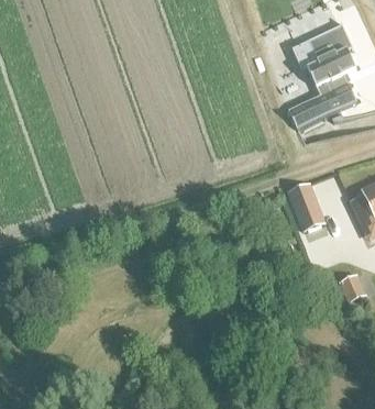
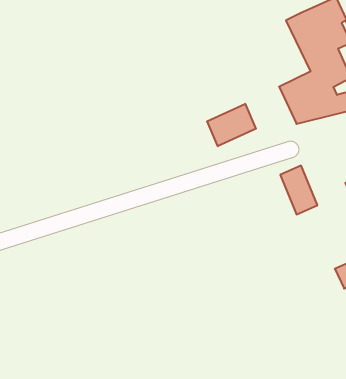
building: none -> [207,104,256,146]

